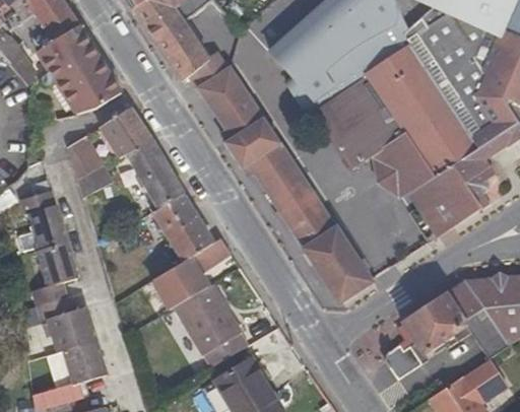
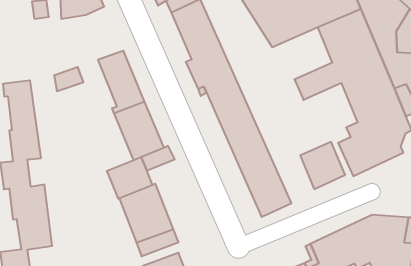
building: [314,75,390,168] -> none
building: [98,107,150,157] -> none
building: [371,134,431,203] -> none
building: [66,135,104,181] -> none

